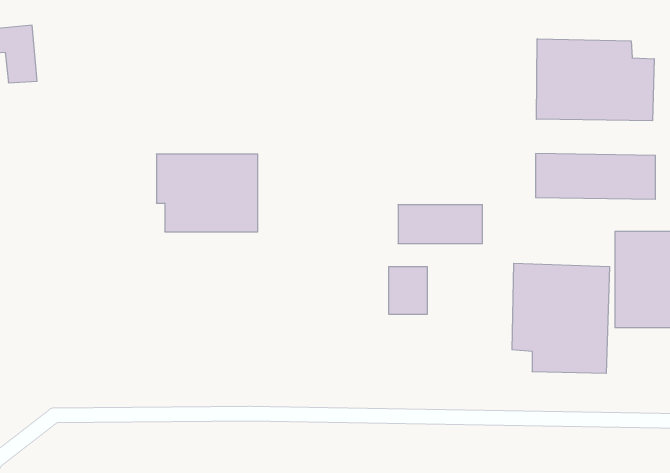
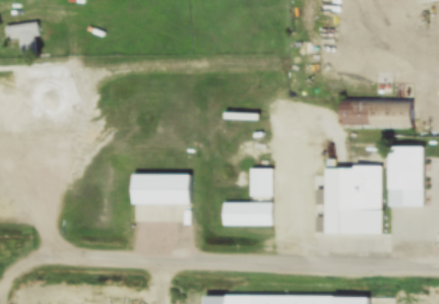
building: [536,39,654,121] -> none
building: [156,154,258,232] -> [131,174,192,221]
building: [398,205,482,244] -> [223,201,273,225]

